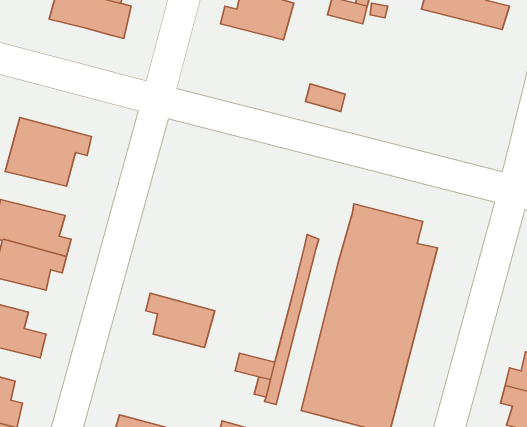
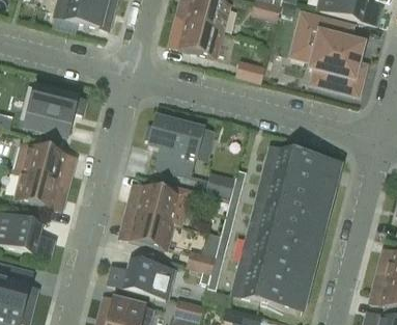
building: none -> [293,12,363,93]
building: none -> [173,19,221,56]
building: none -> [145,116,203,175]
building: none -> [205,171,235,198]
building: none -> [126,179,189,224]
building: none -> [108,259,173,297]

